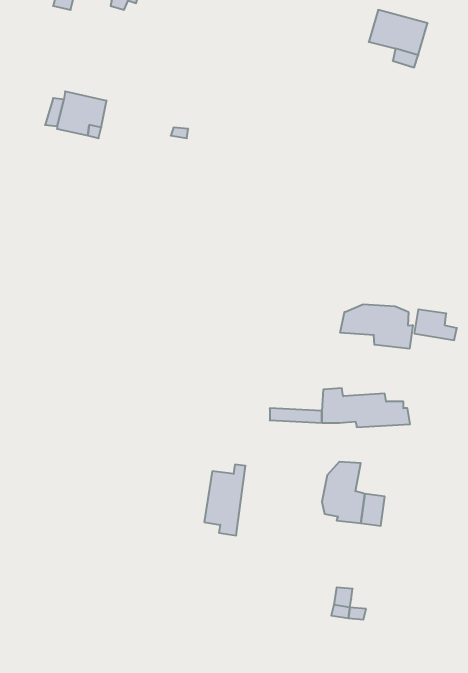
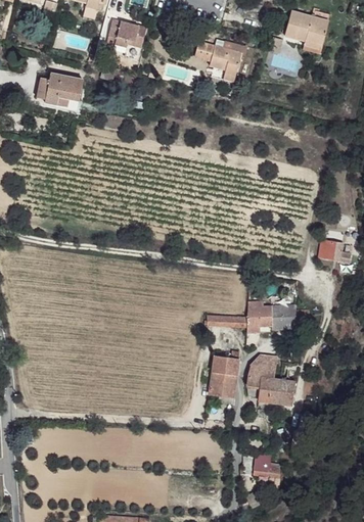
building: none -> [108,19,146,47]
building: none -> [210,47,240,77]
building: [340,304,413,349] -> none
building: [204,465,246,535] -> [209,350,240,405]

